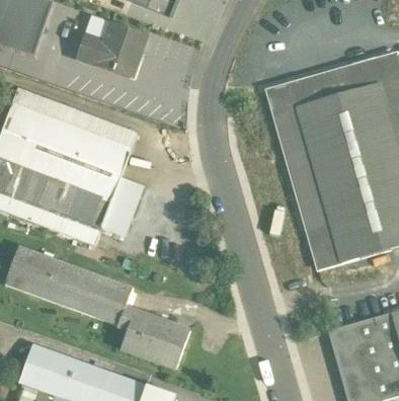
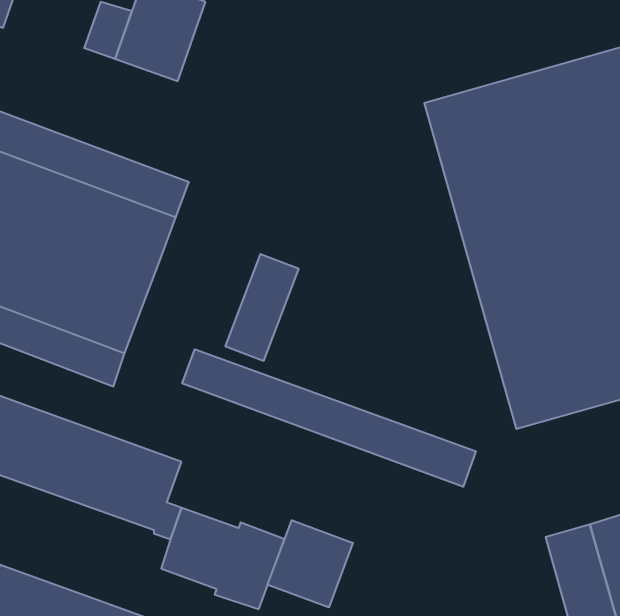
building: [102,177,143,236] -> [225,254,299,361]
building: none -> [182,349,476,487]
building: none -> [268,520,353,607]

